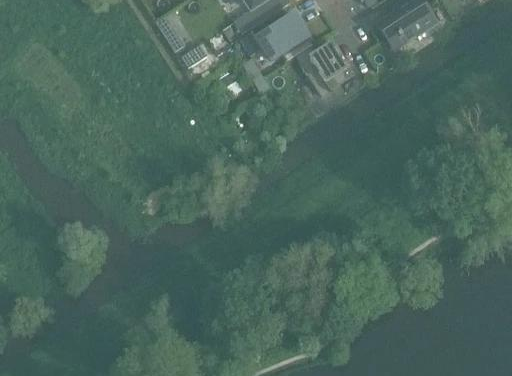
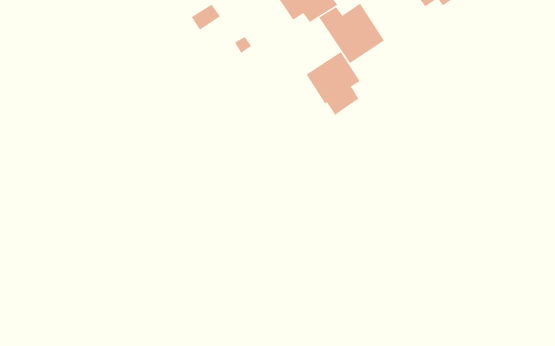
building: none -> [306,51,361,116]

